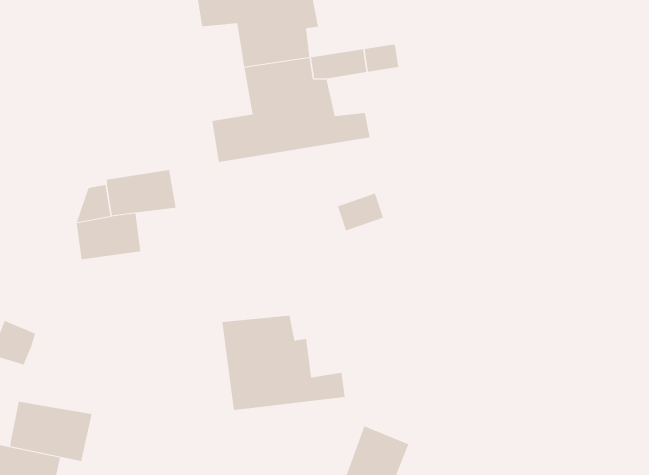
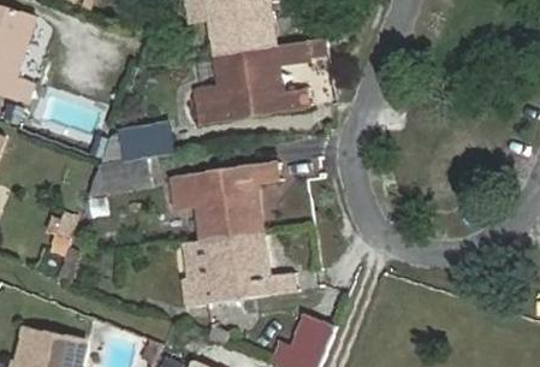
building: none -> [171,165,277,241]
building: [10,401,92,462] -> none

